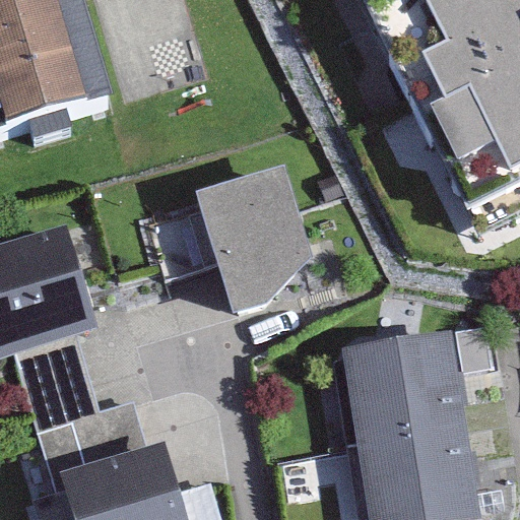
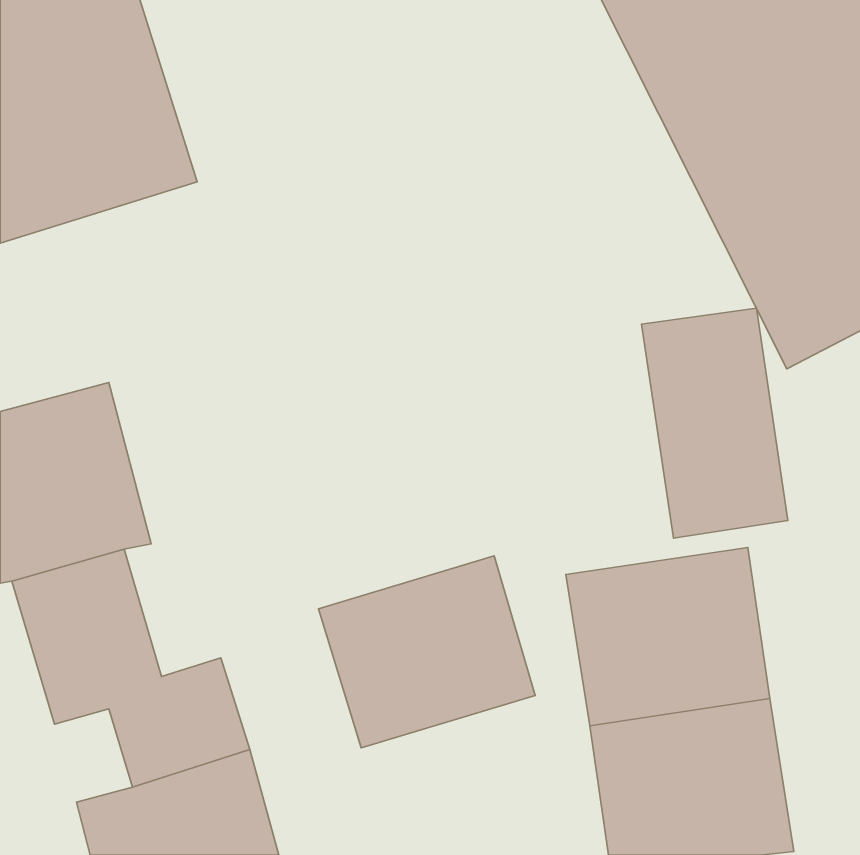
building: [172,171,291,320] -> none
building: none -> [641,308,788,538]
building: none -> [319,556,535,748]

